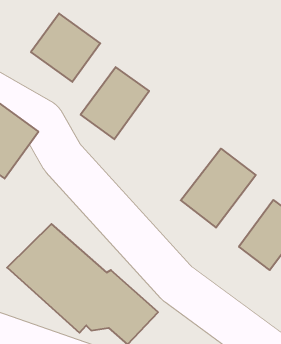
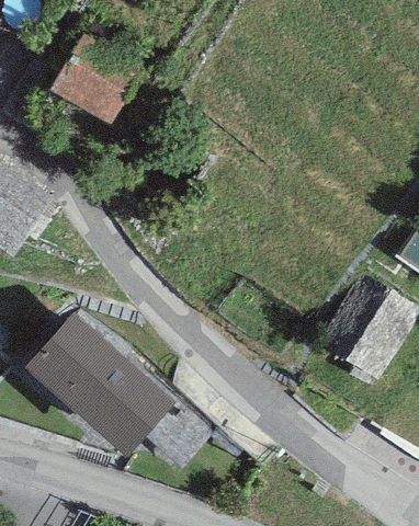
building: [81,67,149,139] -> none
building: [181,149,256,228] -> none

